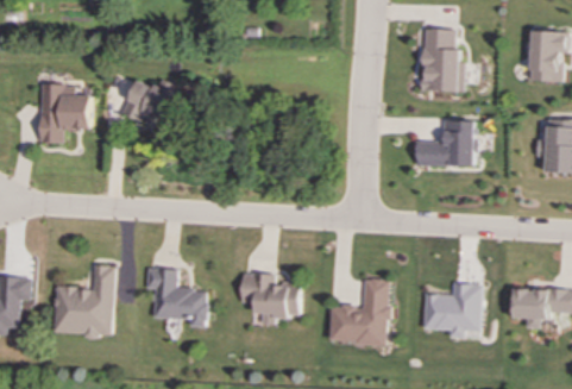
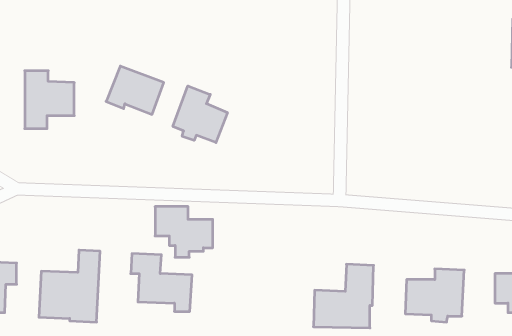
building: [421,27,464,90] -> none
building: none -> [173,86,227,143]
building: [415,119,474,165] -> none
building: [240,272,298,324] -> [155,207,213,257]

